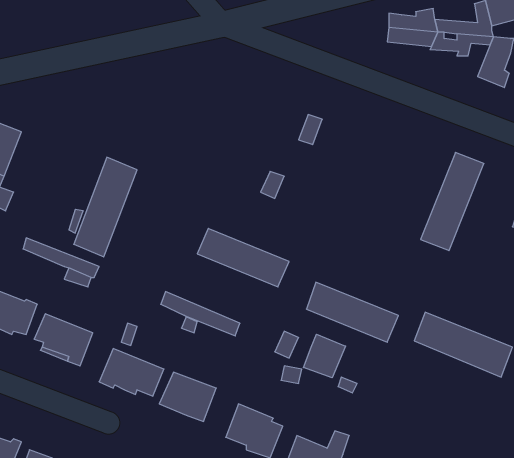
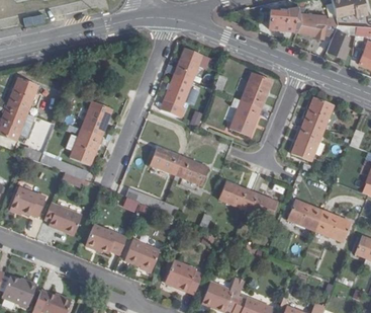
building: none -> [164,48,201,106]
building: none -> [228,73,271,137]
building: [303,334,346,378] -> none

